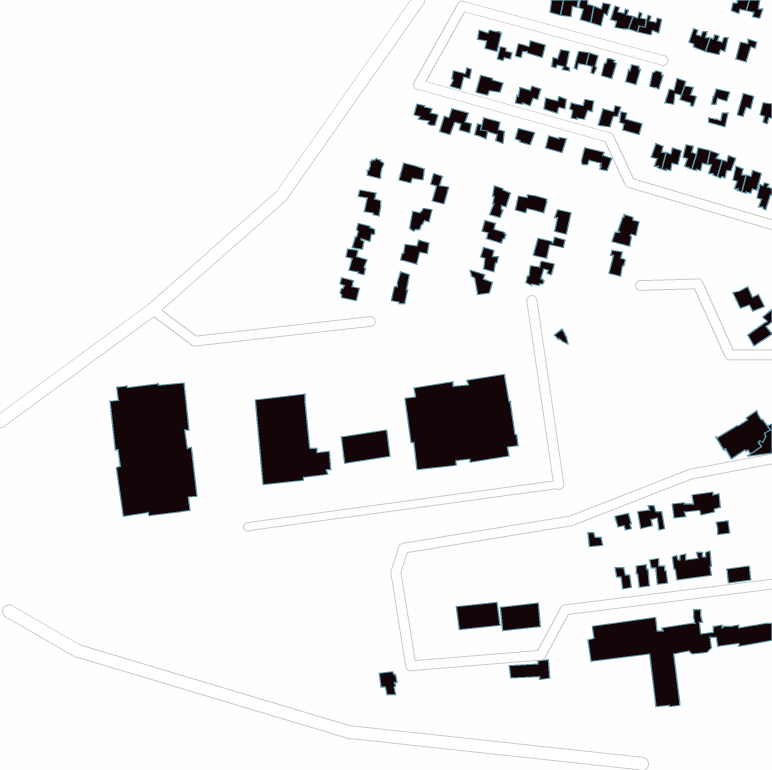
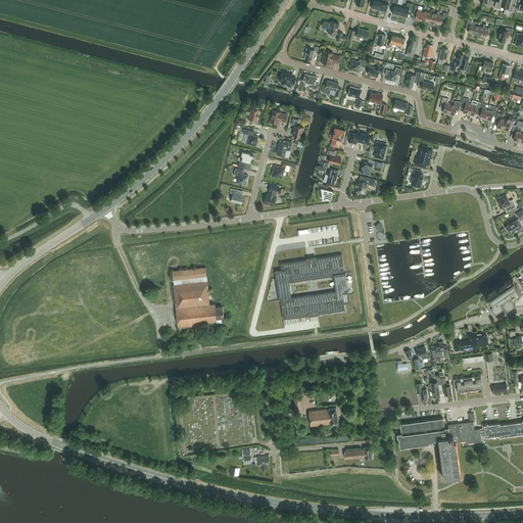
building: [110,383,197,516] -> none
building: [341,430,390,463] -> none
building: [501,603,540,631] -> none

